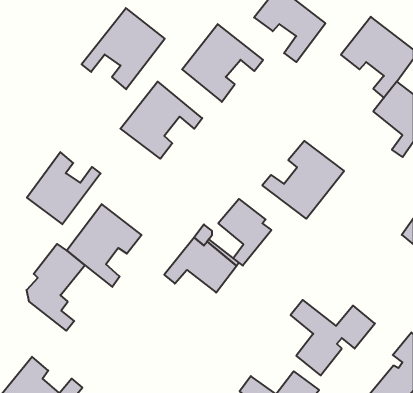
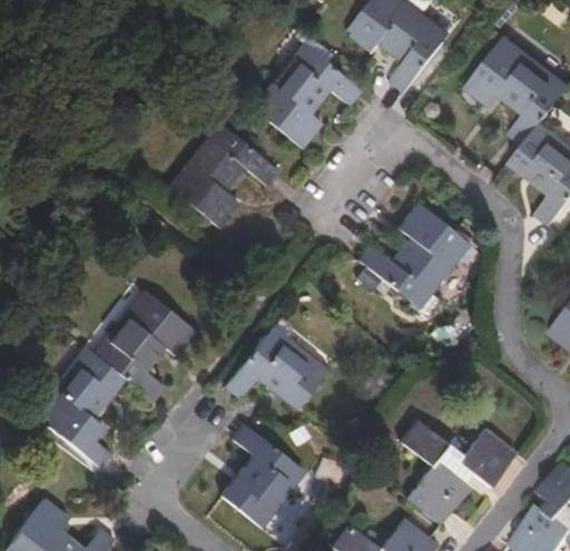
building: [82,8,165,89] -> none
building: [27,152,101,224] -> none
building: [218,199,271,266] -> none
building: none -> [218,423,306,529]

